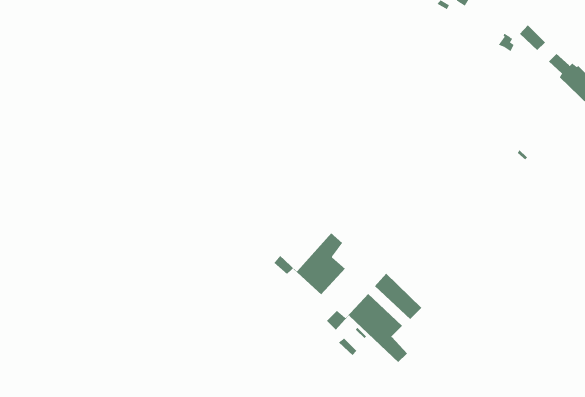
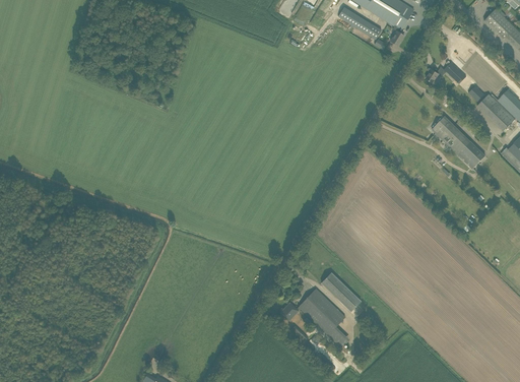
building: none -> [432,116,485,169]
building: [274,232,346,295] -> none

